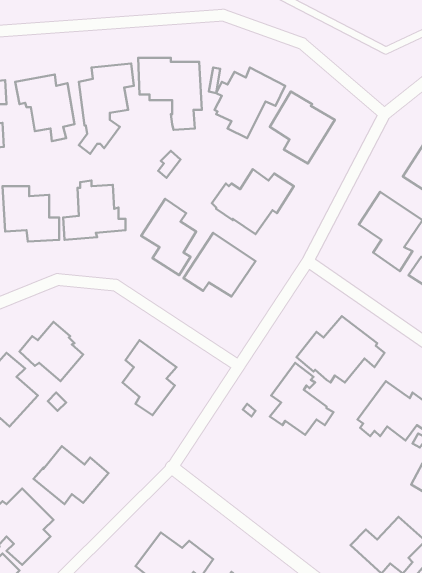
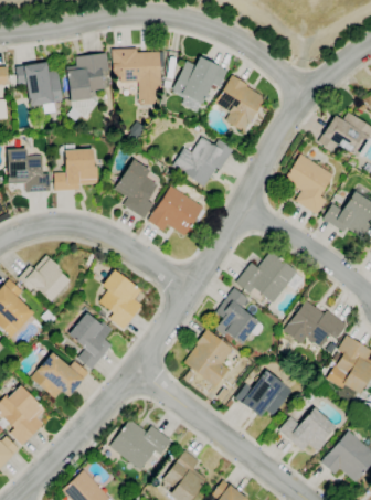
building: none -> [65,307,113,370]
building: none -> [184,329,234,386]
building: none -> [235,370,293,417]

